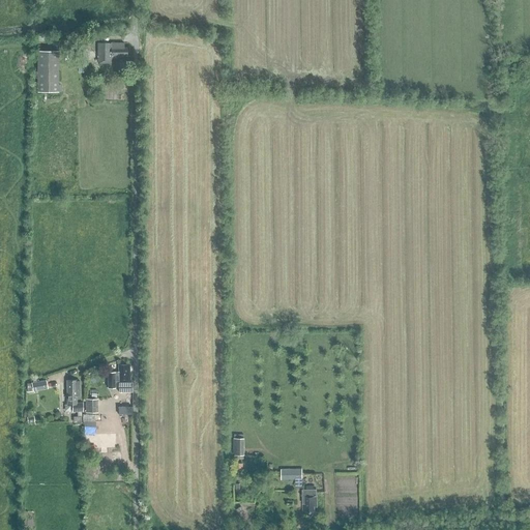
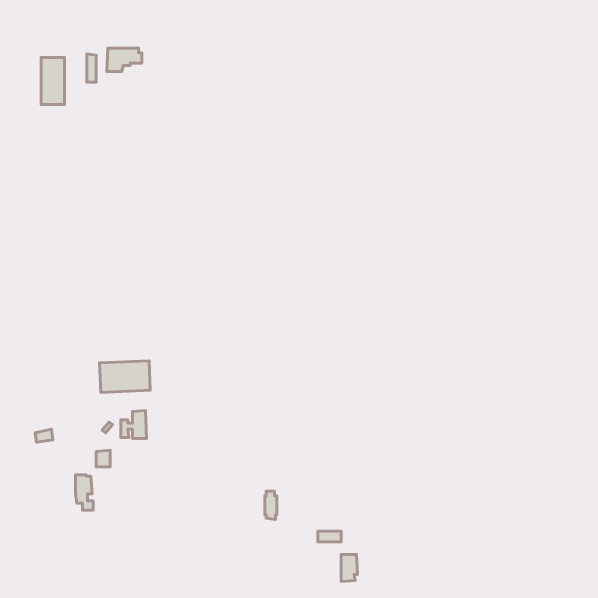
building: none -> [100,361,150,392]
building: [65,379,81,410] -> [76,475,93,510]

